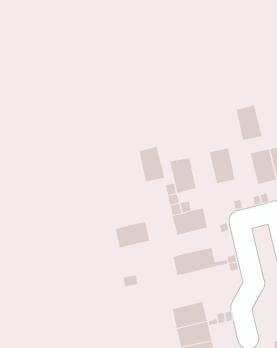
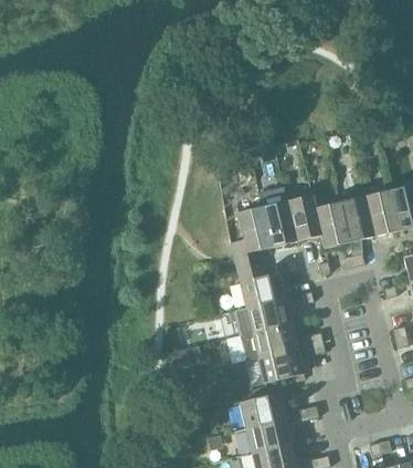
building: [236,105,262,141] -> [315,201,349,248]
building: [138,146,165,182] -> [262,200,296,247]
building: [115,221,150,248] -> [245,298,290,332]
building: none -> [256,347,303,383]

